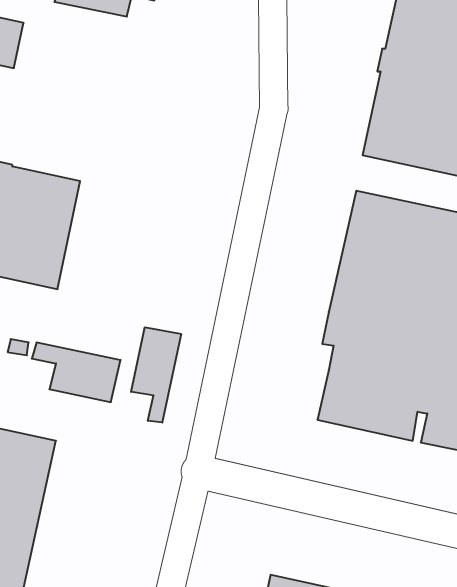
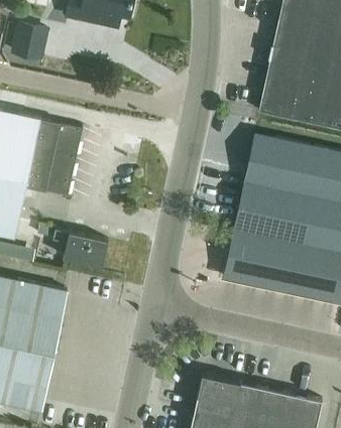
building: [131,327,181,423] -> none

